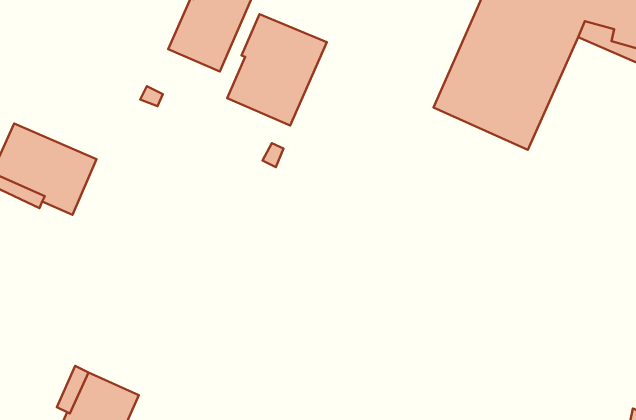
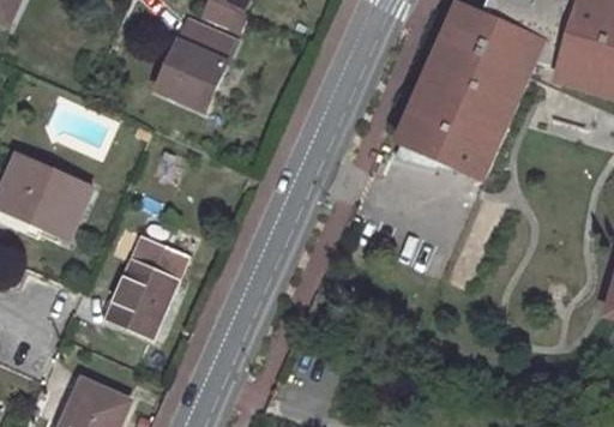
building: [227,14,327,126] -> none
building: none -> [108,237,187,336]

